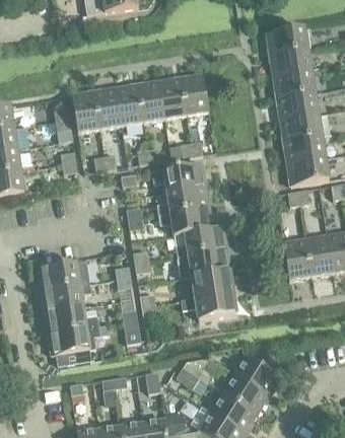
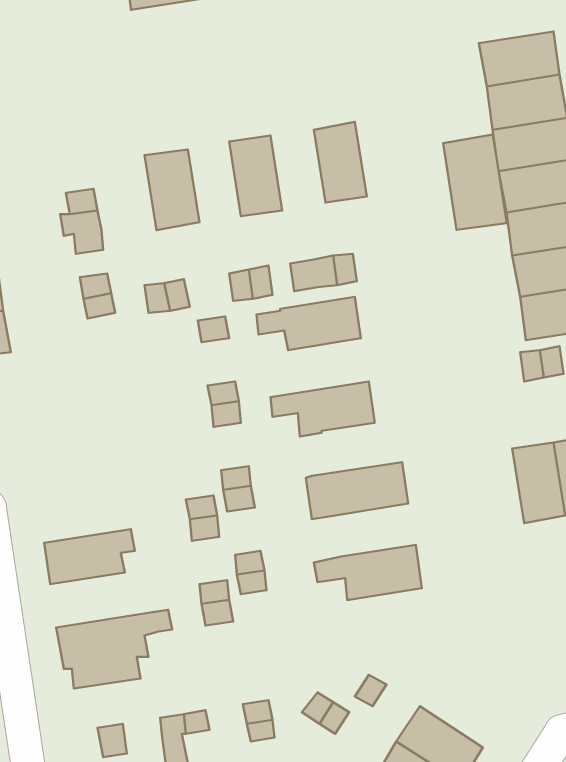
building: [158,77,187,119] -> none
building: none -> [443,134,507,230]
building: [116,83,143,125] -> none
building: [72,90,99,132] -> none
building: [156,185,209,215] -> none
building: [175,226,226,257] -> none
building: [38,261,86,290] -> none
building: [192,270,233,297] -> none
building: [45,305,98,334] -> none
building: [235,356,280,395] -> none

